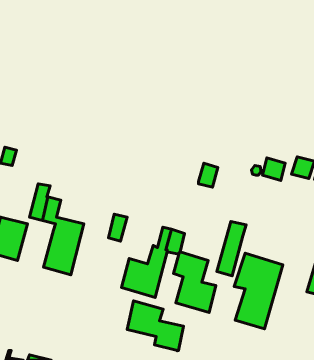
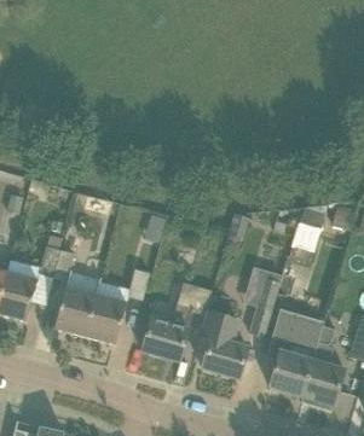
building: none -> [86,293,126,343]
building: none -> [301,325,346,408]
building: [127,301,184,351] -> none

